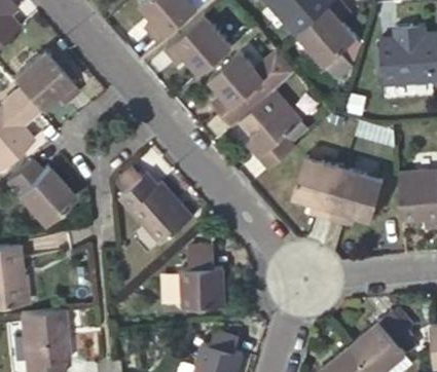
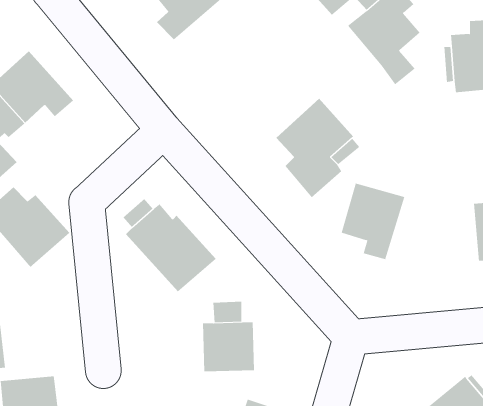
building: [166,14,232,73] -> none
building: [210,49,296,126] -> none
building: [329,168,385,224] -> none

